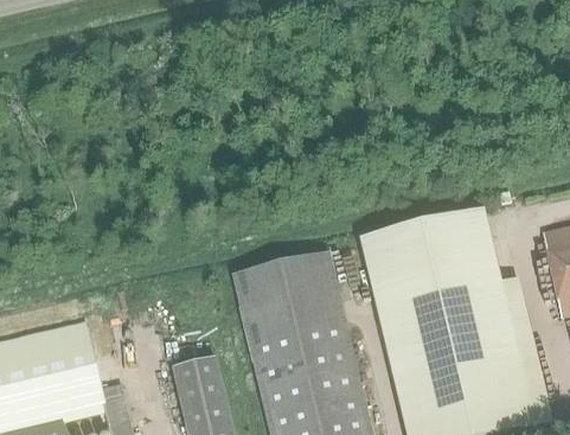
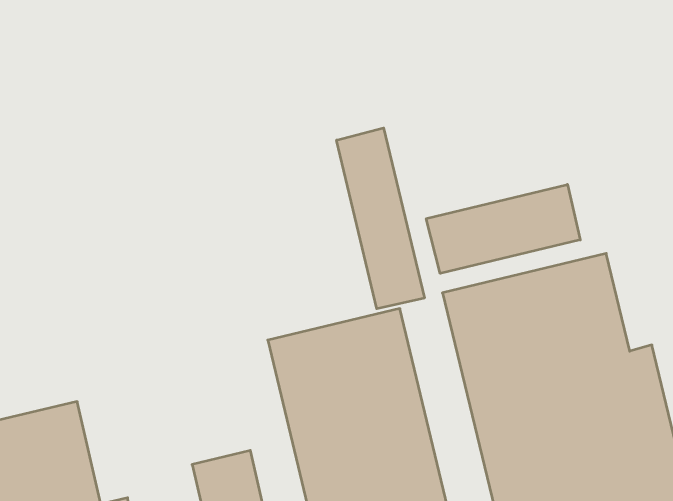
building: none -> [337,128,424,309]
building: none -> [426,184,580,273]

